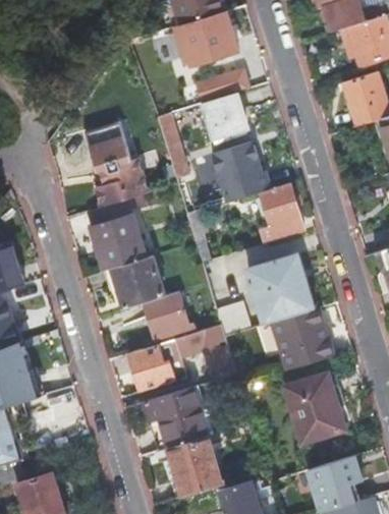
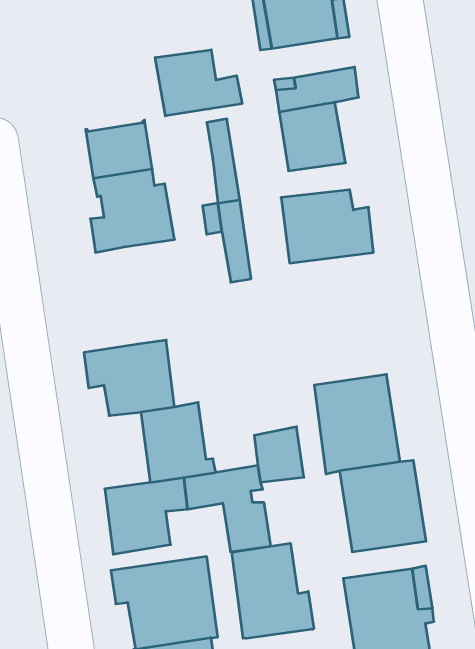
building: none -> [155,50,242,116]
building: [260,182,304,243] -> none
building: [87,202,142,271] -> none
building: none -> [232,543,314,638]

